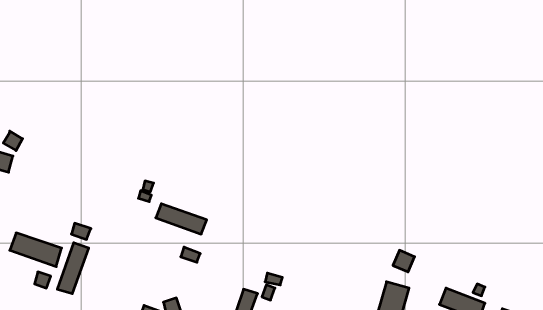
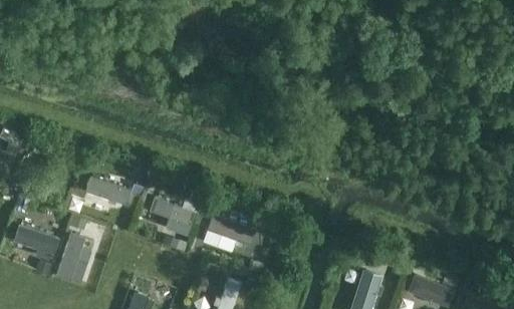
building: none -> [85,176,128,205]
building: none -> [206,213,256,246]

